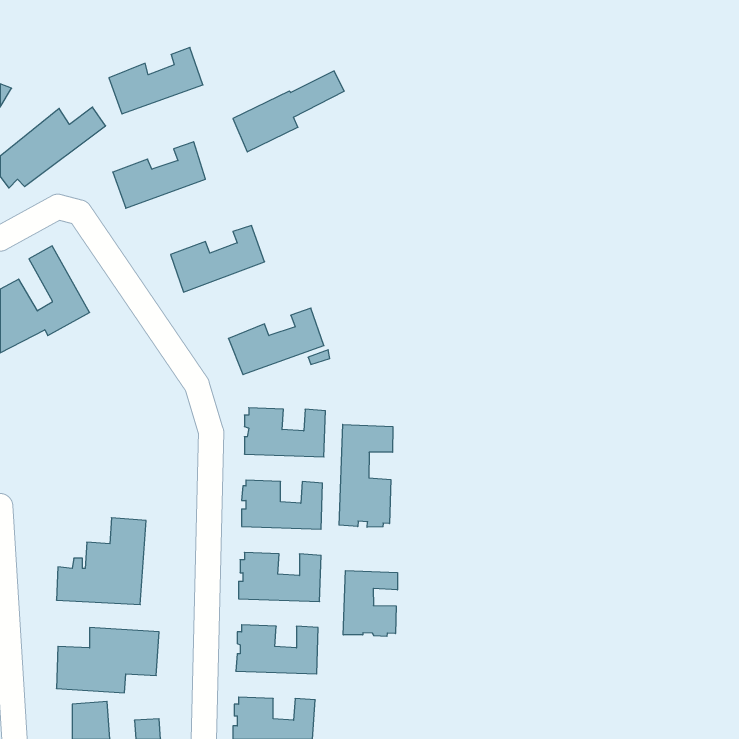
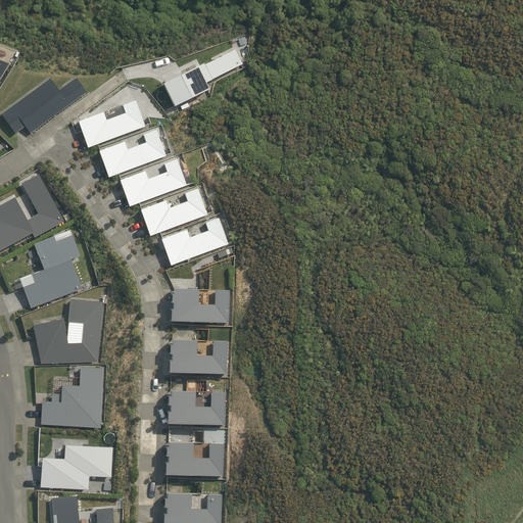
building: [109,47,203,114] -> [100,130,167,177]
building: none -> [141,188,207,235]
building: none -> [18,230,82,308]
building: none -> [33,298,103,364]
building: [339,424,393,527] -> none
building: [343,571,397,636] -> none

